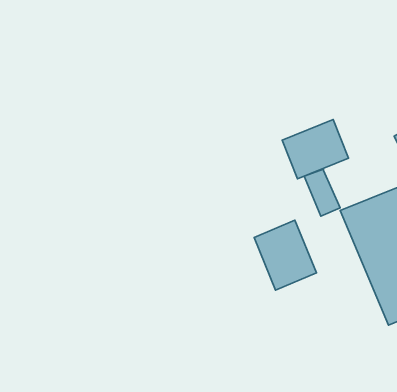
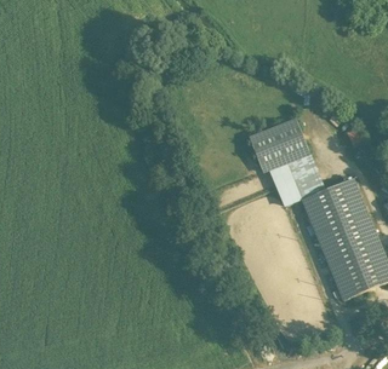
building: none -> [286,154,323,196]
building: [254,220,316,290] -> none

